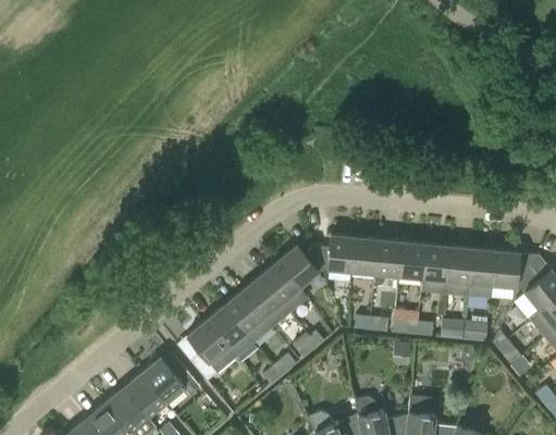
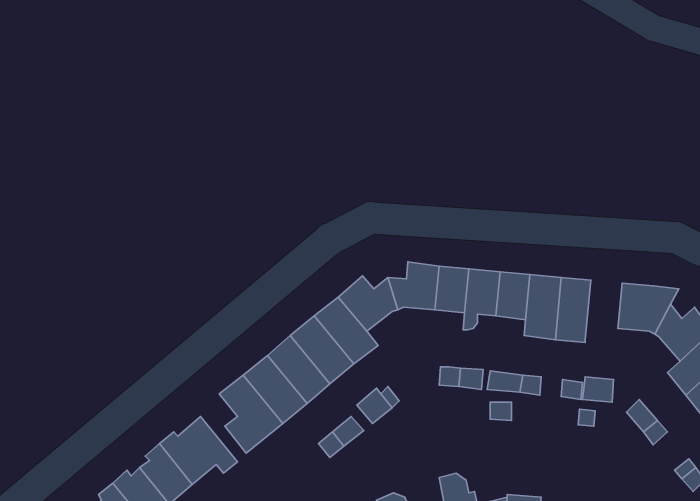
building: [467,248,495,296] -> none

